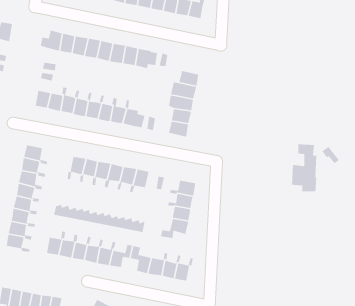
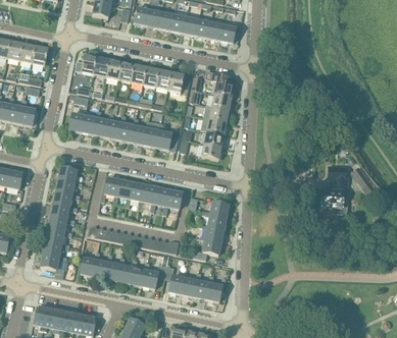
building: none -> [210,71,234,97]

